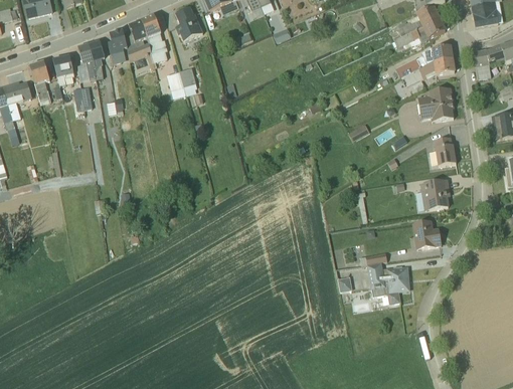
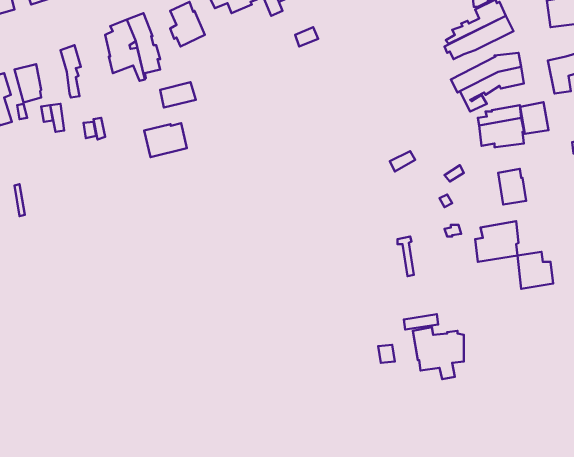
building: [108,29,128,62] -> none
building: [77,43,96,80] -> none
building: none -> [520,102,549,134]
building: none -> [144,123,187,157]
building: [412,219,441,248] -> [517,252,553,289]

